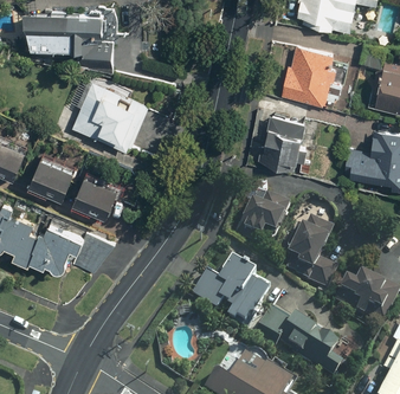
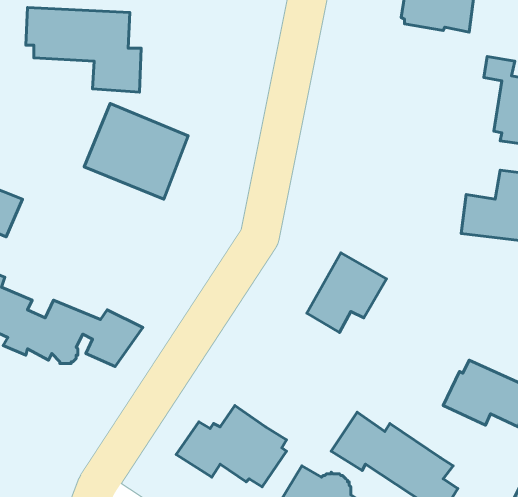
building: [282,43,347,104] -> none
building: [258,115,305,163] -> none
building: [30,153,76,198] -> none
building: [75,172,118,215] -> none
building: [282,218,338,291] -> none
building: [189,259,270,318] -> [176,406,287,487]

